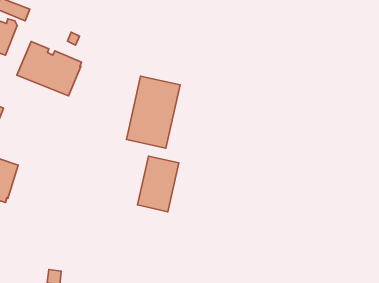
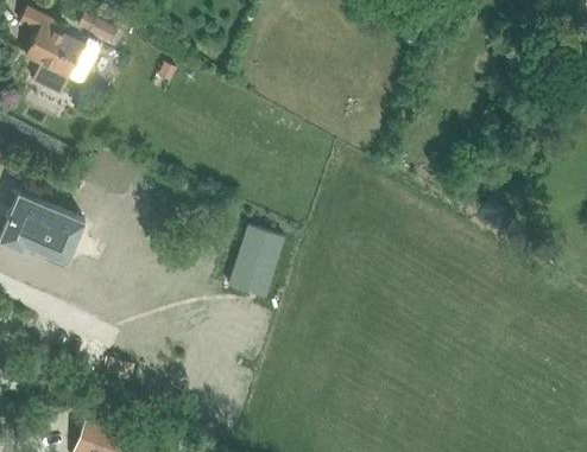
building: [17,42,82,96] -> none
building: [127,76,180,148] -> none

